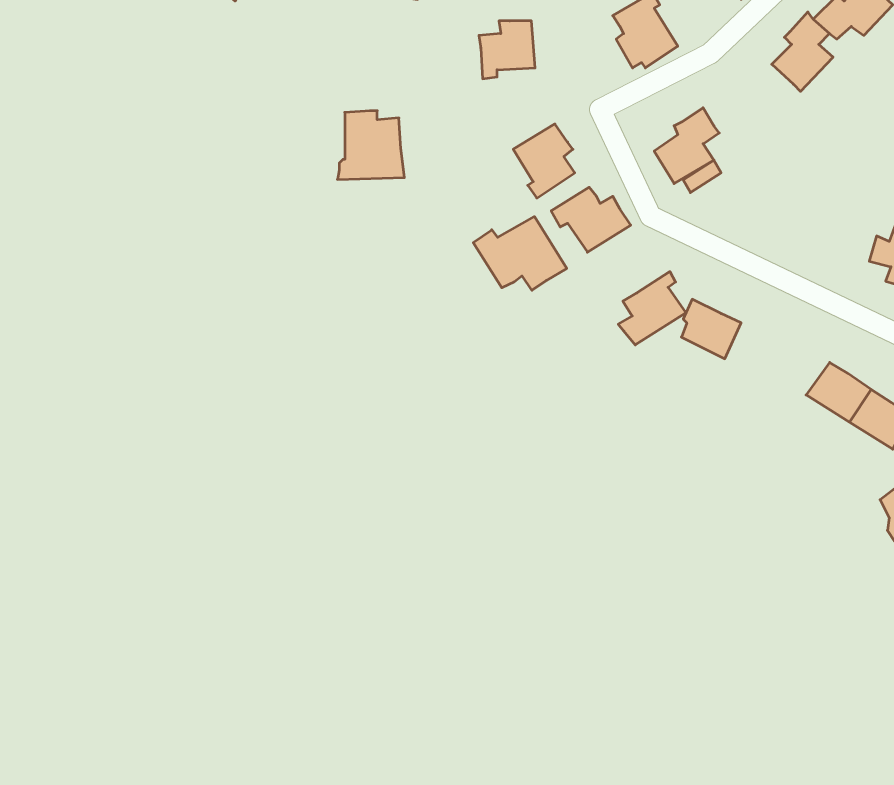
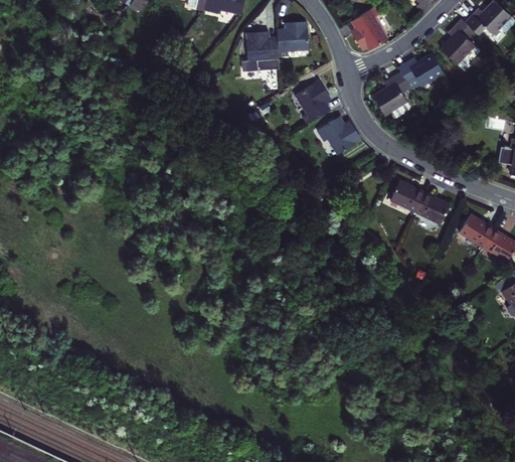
building: none -> [399,53,444,89]
building: [337,111,404,179] -> [244,35,282,73]
building: [473,217,567,290] -> none
building: [618,272,686,345] -> none
building: none -> [414,192,449,224]

